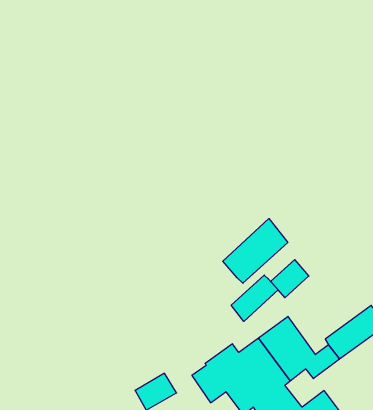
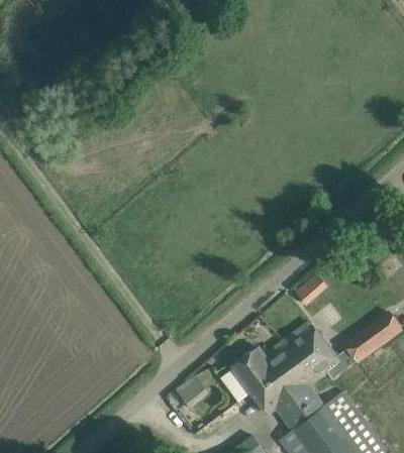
building: [223,219,288,283] -> none
building: [231,275,278,321] -> none

